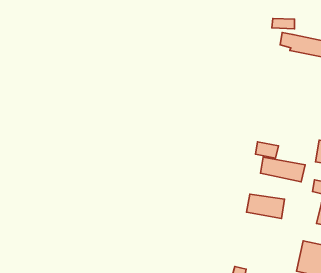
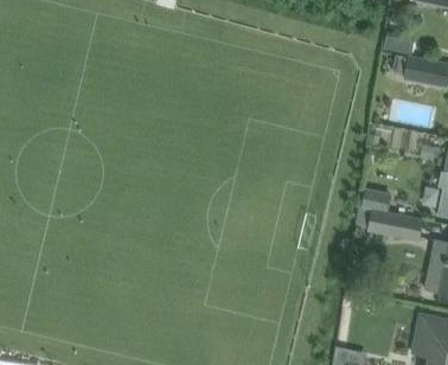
building: [246,194,285,219] -> none

